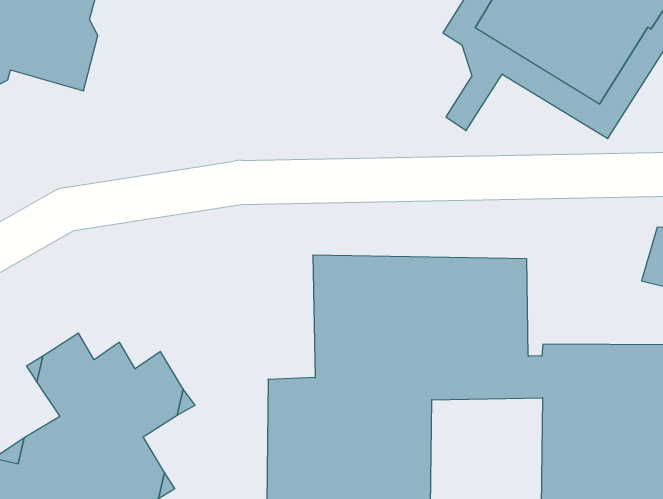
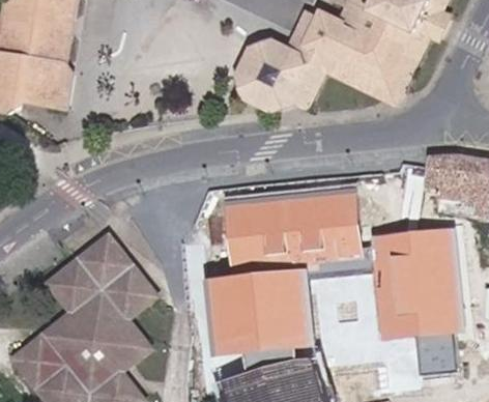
building: none -> [238,41,307,107]
building: none -> [80,235,132,277]

